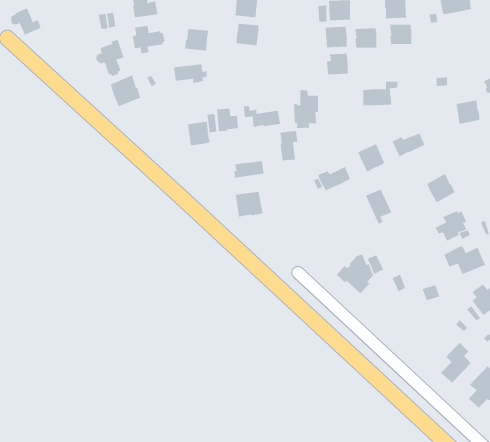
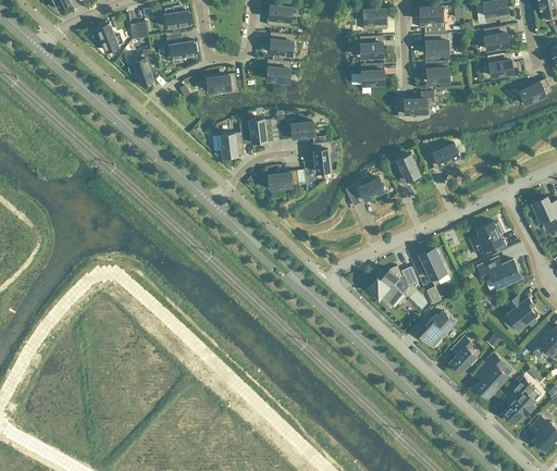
building: [10,8,42,36] -> [91,23,123,51]
building: none -> [483,26,508,50]
building: [354,28,377,49] -> [424,61,448,83]
building: [184,29,209,51] -> [265,60,290,83]
building: [110,74,141,107] -> none
building: [294,90,318,129] -> none
building: [456,100,481,124] -> [487,52,512,77]
building: [427,173,456,203] -> none
building: [365,189,392,224] -> [420,248,447,284]
building: [235,191,263,219] -> none
building: none -> [421,311,454,347]
building: none -> [450,336,478,373]

